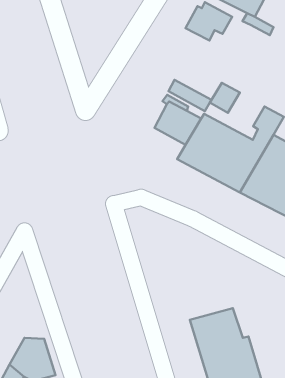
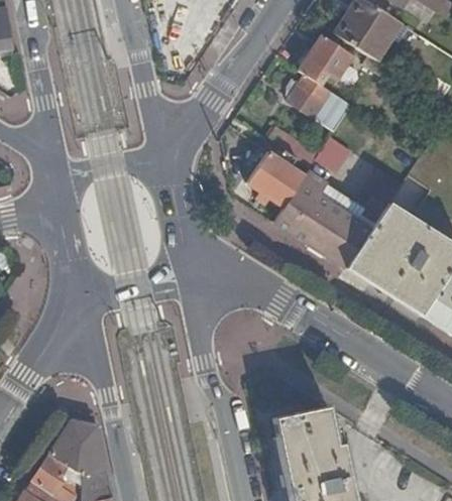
building: none -> [291,76,354,132]

